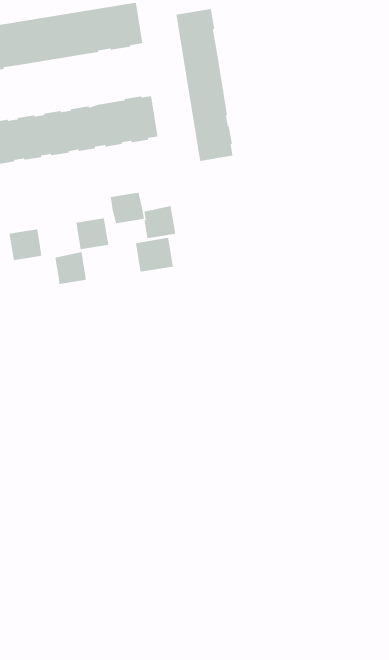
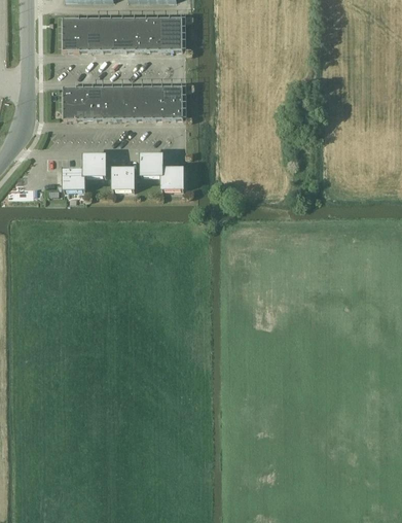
building: [175,8,235,162] -> none
building: [135,236,174,273] -> none
building: [54,251,87,285] -> [85,154,106,176]

